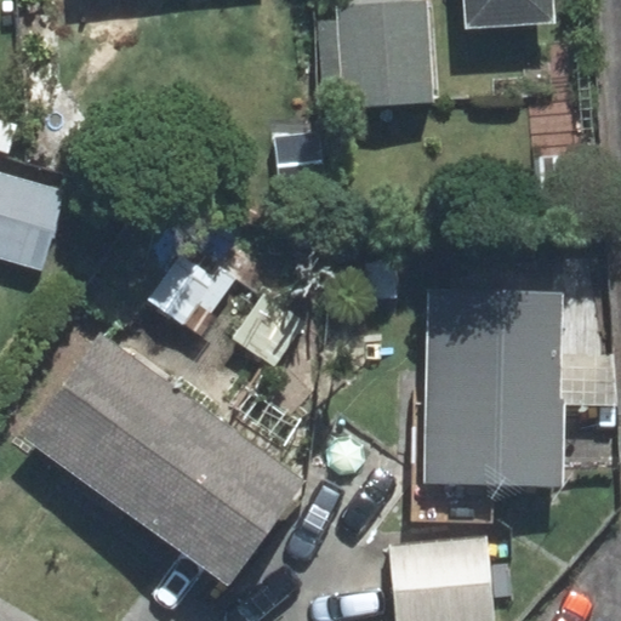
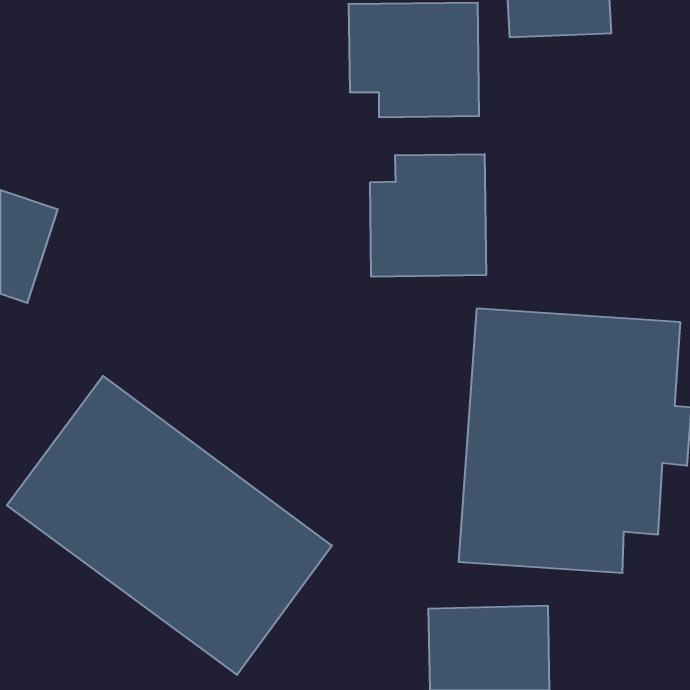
building: none -> [370,154,486,277]

